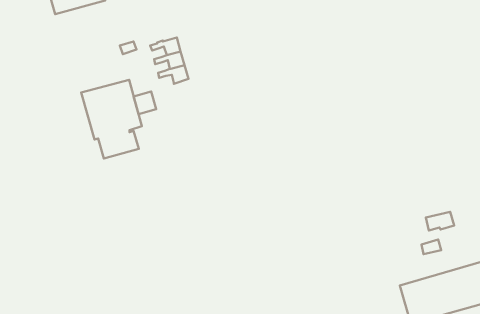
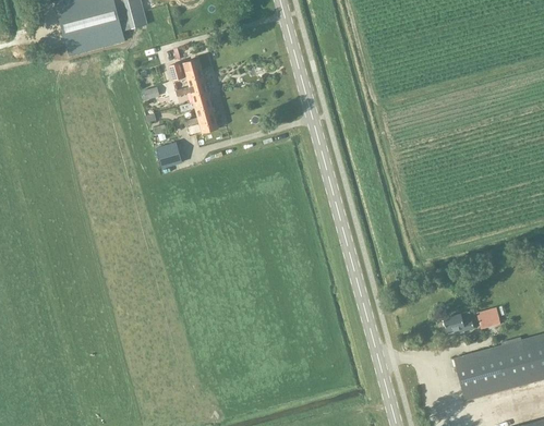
building: none -> [169,58,205,86]
building: [81,80,142,158] -> none
building: [426,212,454,230] -> [443,312,474,332]

